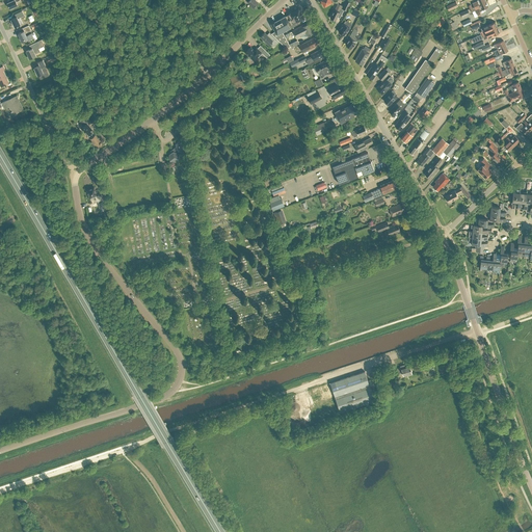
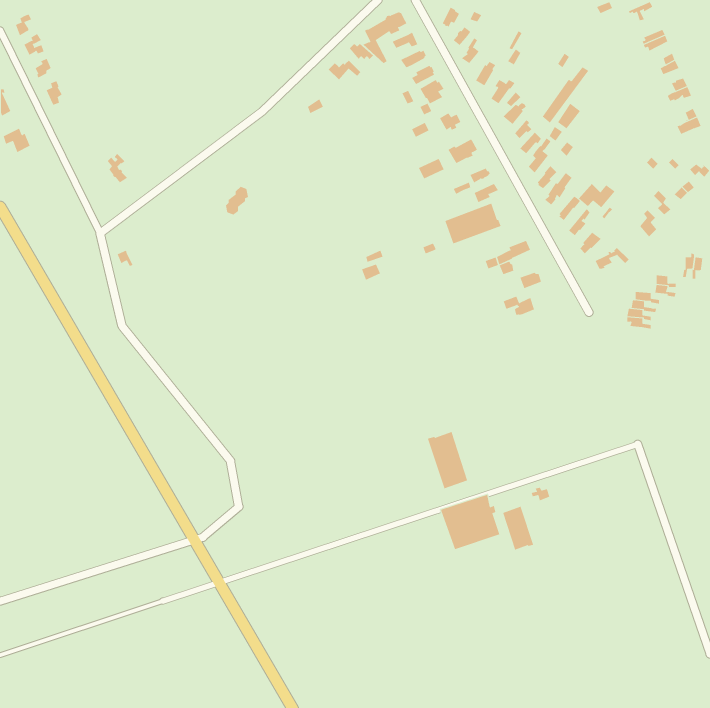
building: none -> [427,431,468,489]
building: none -> [503,506,534,551]

